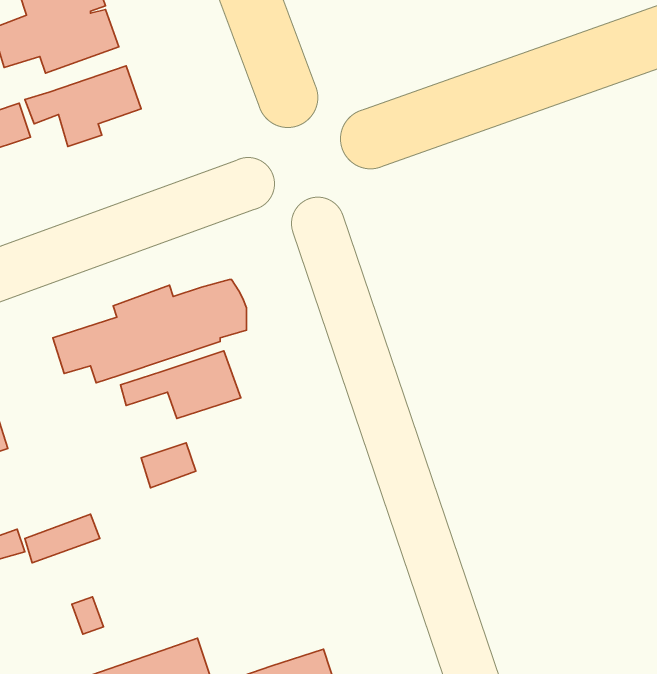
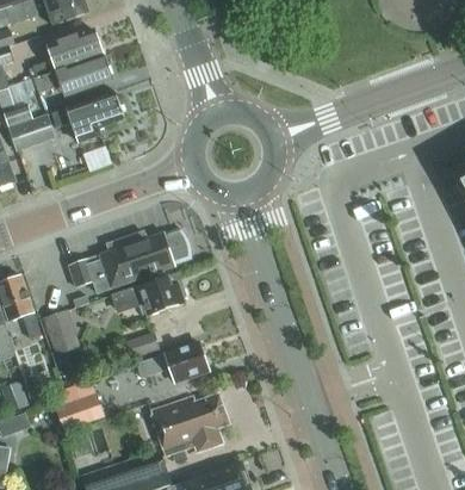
building: none -> [42,310,80,356]
building: none -> [136,342,207,383]
building: none -> [55,392,106,430]
building: none -> [149,393,229,455]

